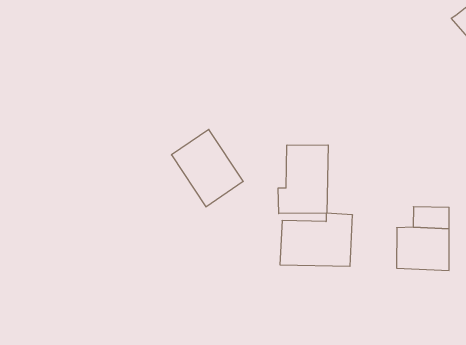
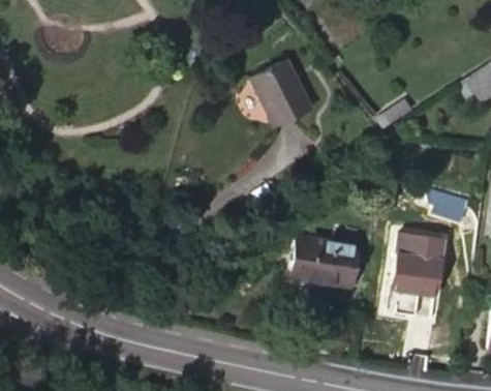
building: [171,129,243,207] -> [254,64,314,131]
building: [278,145,328,214] -> none

